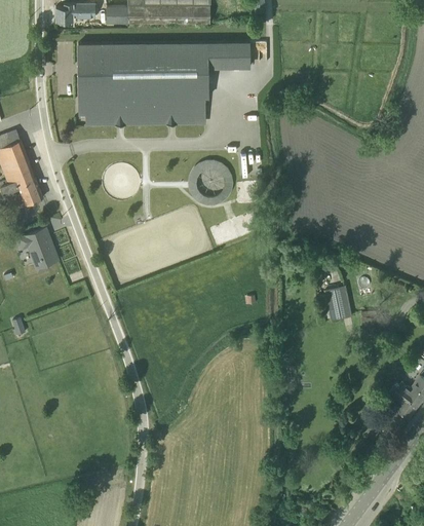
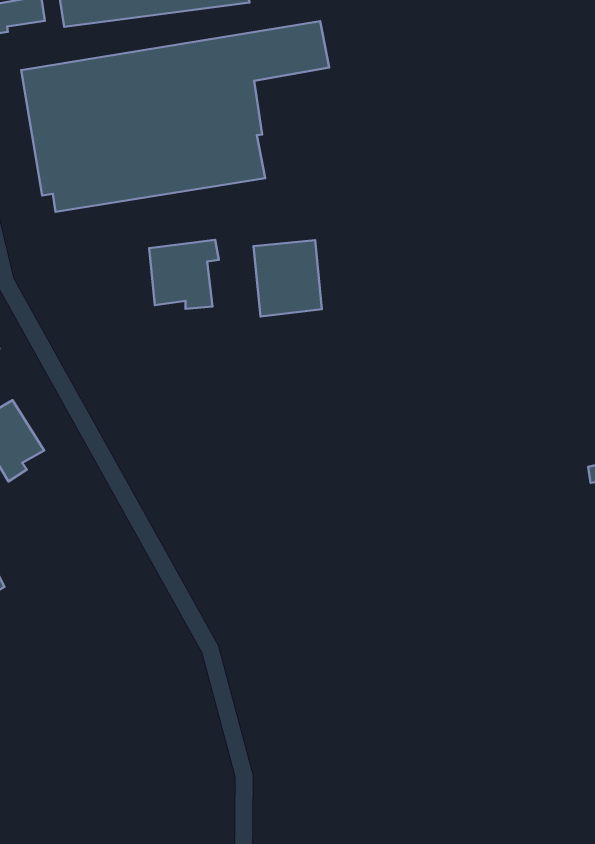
building: none -> [149,240,219,309]
building: [323,287,352,322] -> none

